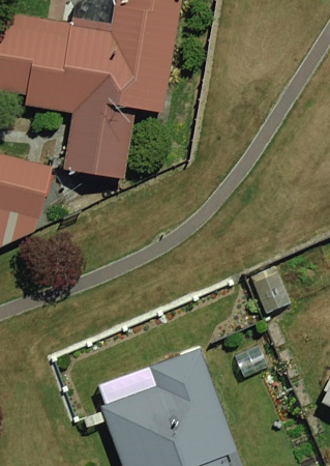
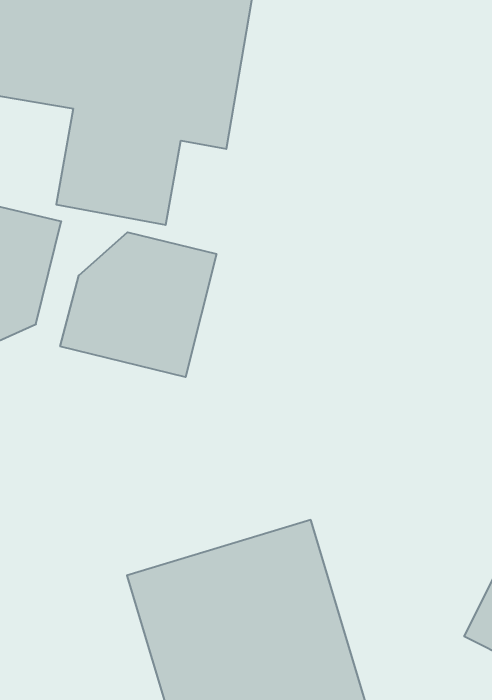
building: none -> [60,232,216,377]

